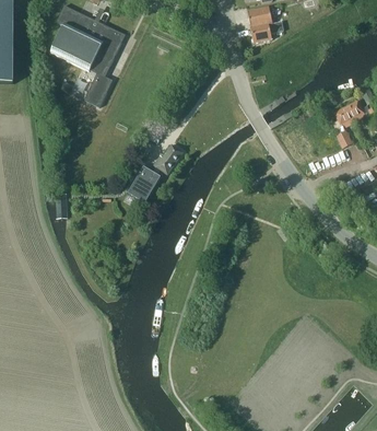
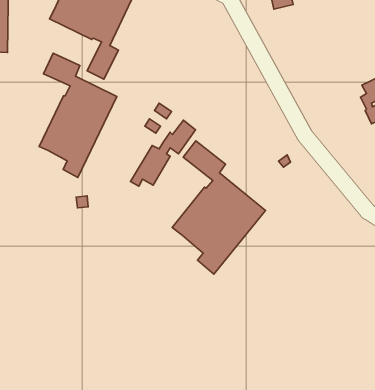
building: none -> [39,53,117,178]
building: none -> [172,141,265,274]

